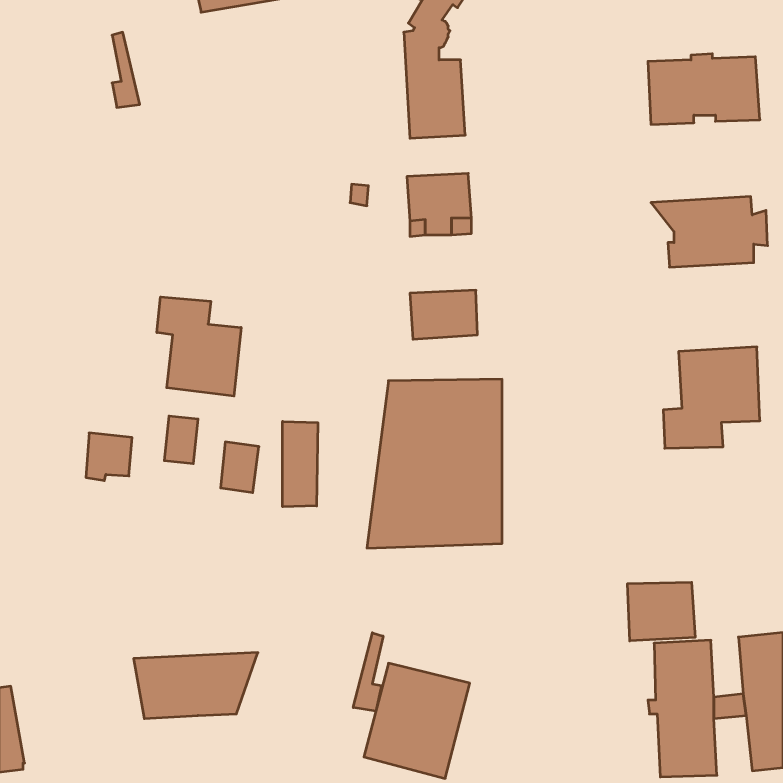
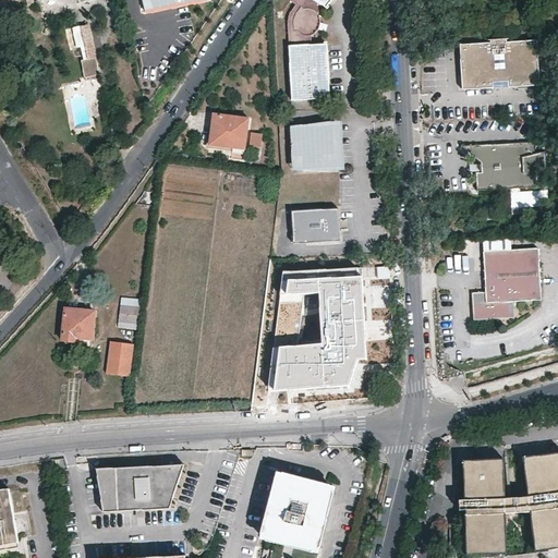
building: none -> [209,113,246,147]
building: [157,297,241,396] -> none
building: [283,421,318,507] -> none
building: [221,442,259,493] -> [106,339,133,375]
building: [628,582,695,641] -> none
building: [353,633,383,711] -> none

